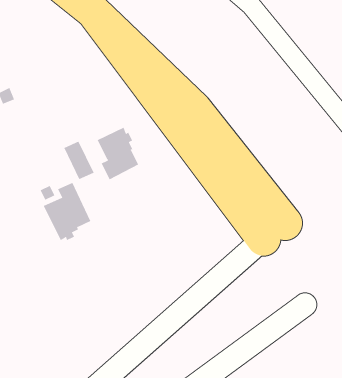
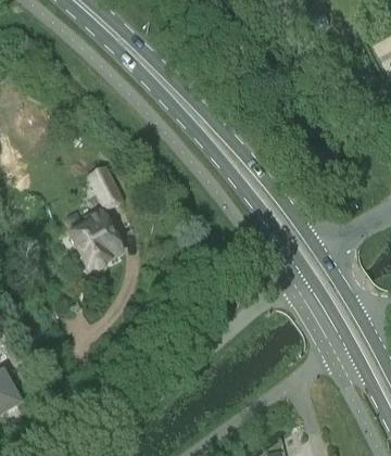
building: [97,127,139,180] -> none

